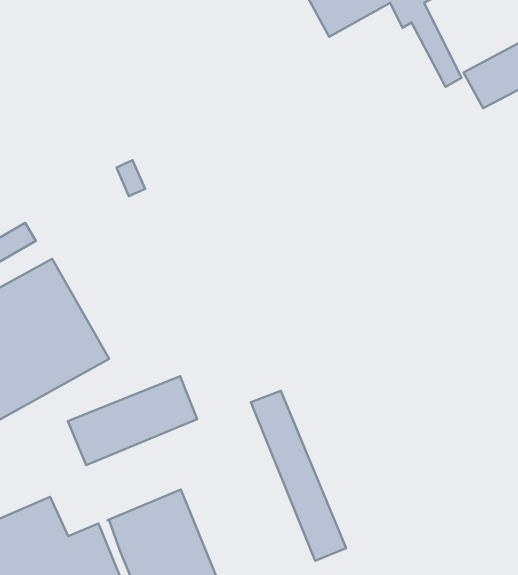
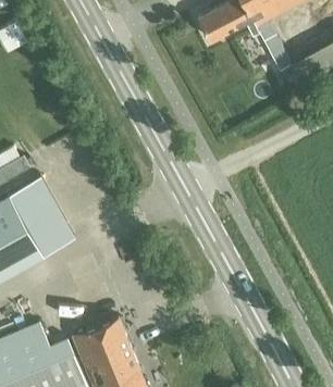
building: [68,376,197,465] -> none
building: [251,391,346,561] -> none

